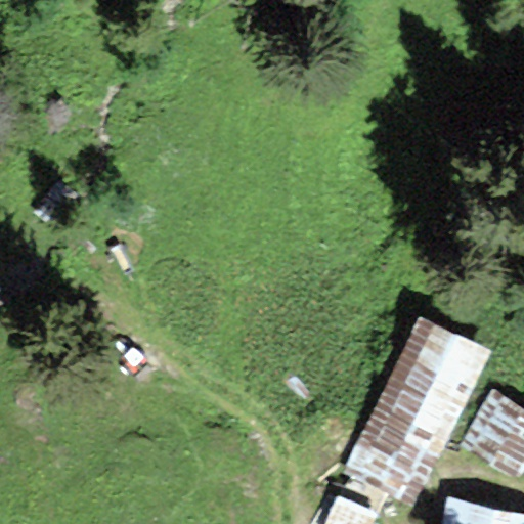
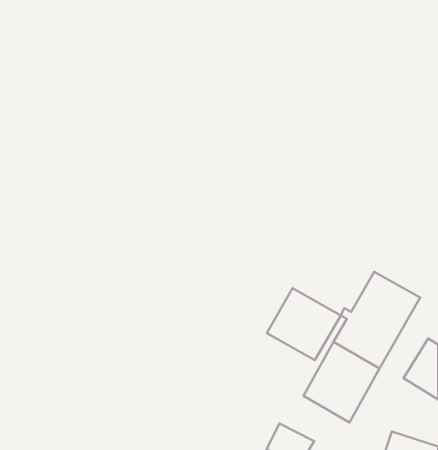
building: none -> [267,288,341,360]

